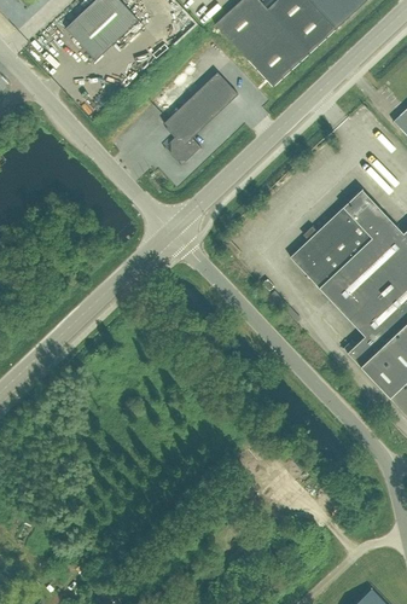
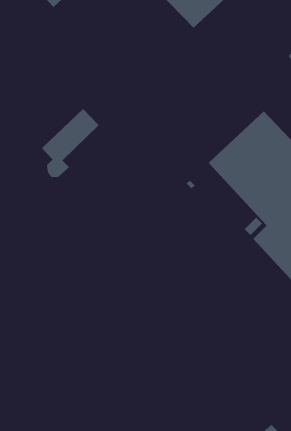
building: [164,71,238,159] -> [41,108,99,178]

